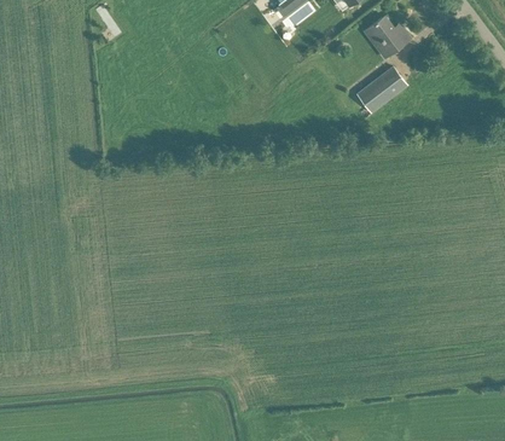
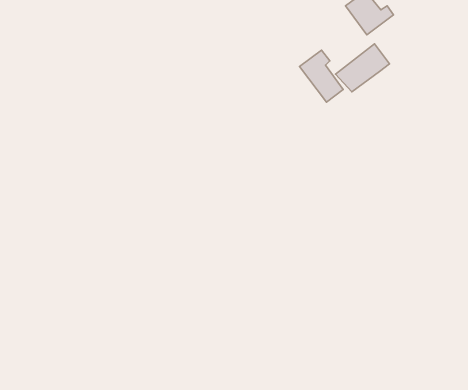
building: none -> [299,50,343,102]

